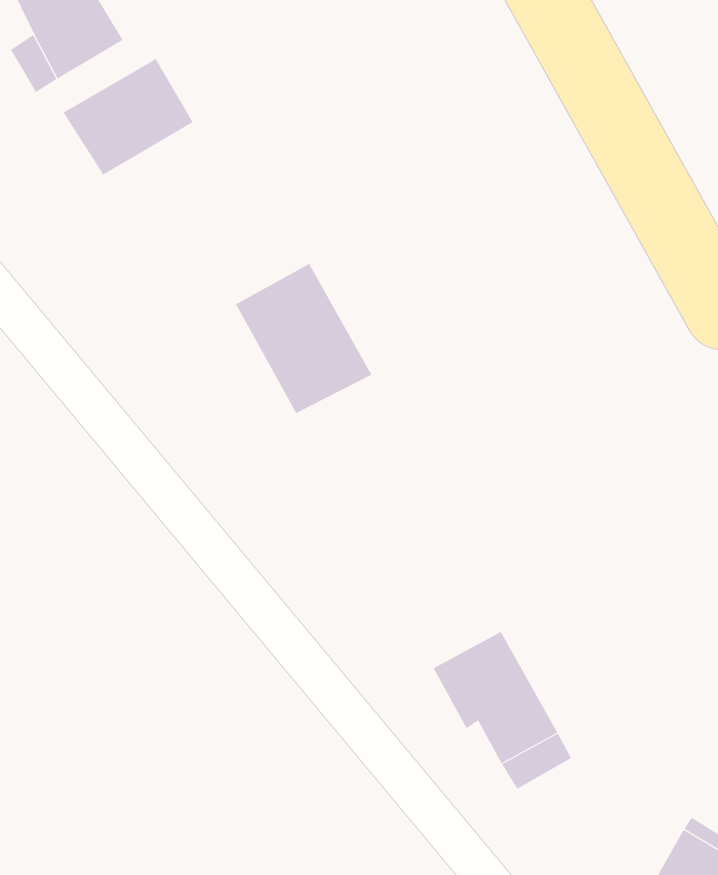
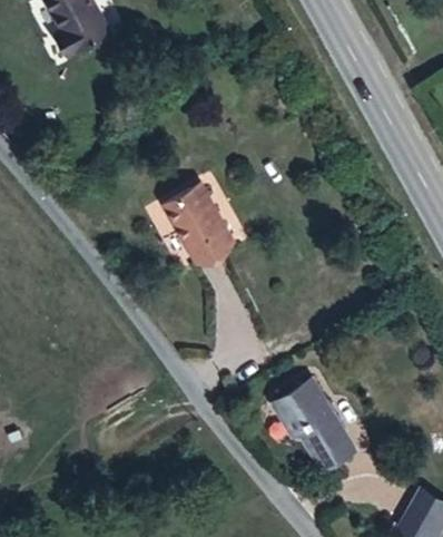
building: [63,58,194,176] -> none

